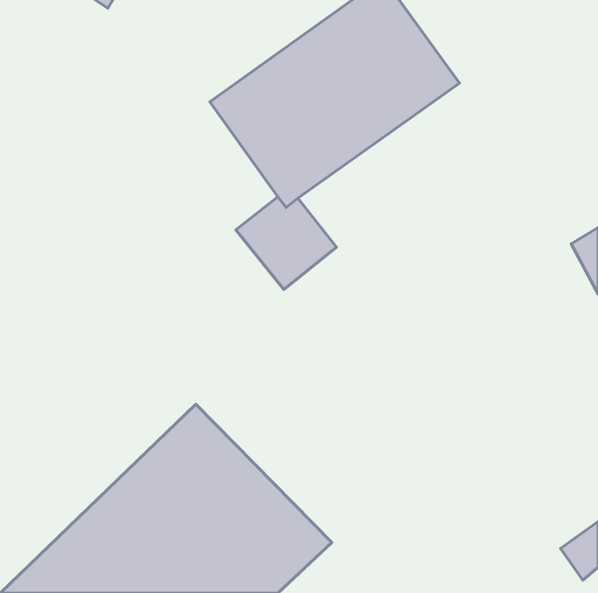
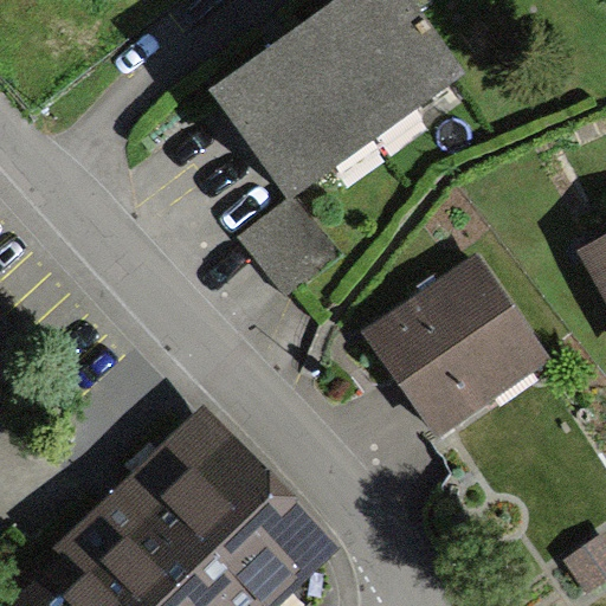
building: none -> [363,250,552,434]

